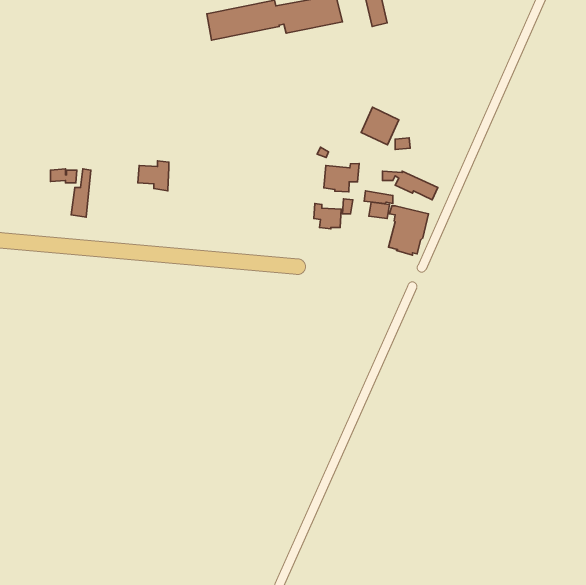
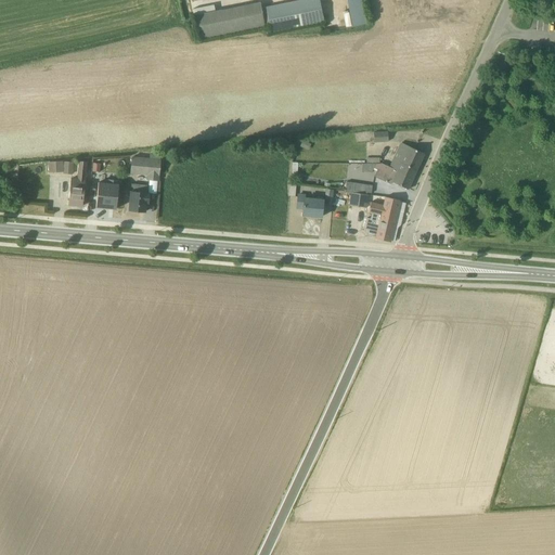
building: [361,107,399,145] -> [389,141,425,177]
building: [324,164,359,192] -> none
building: none -> [96,179,119,207]
building: none -> [129,182,150,210]

